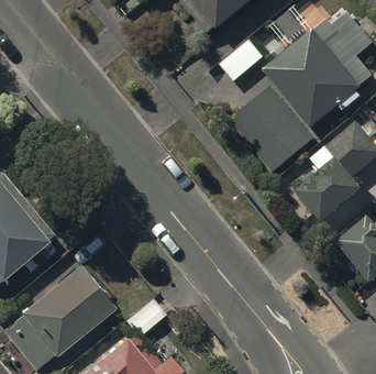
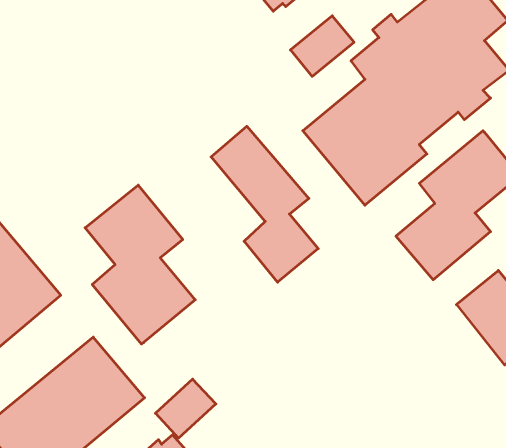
building: none -> [211,126,318,282]
building: none -> [85,185,195,344]

